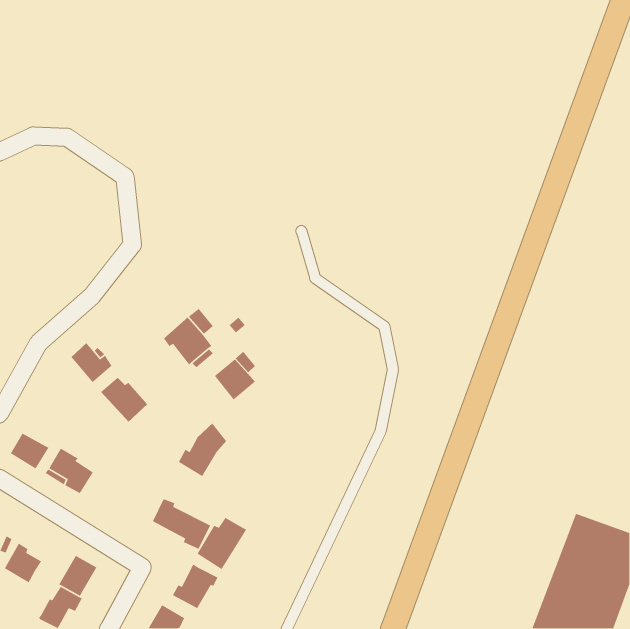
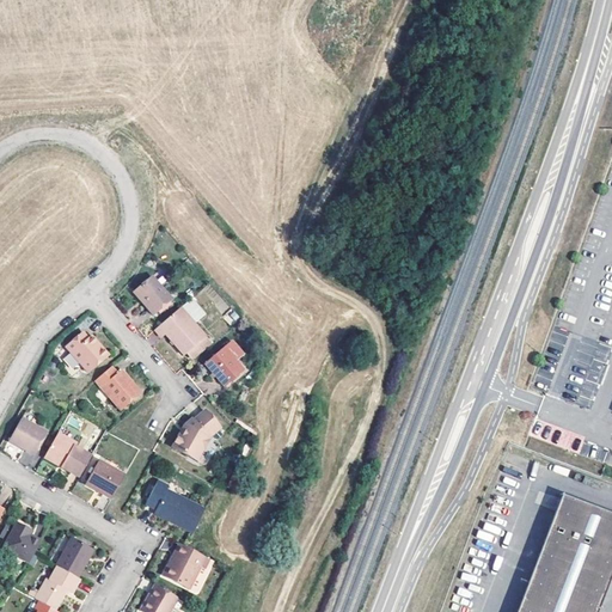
building: none -> [131,277,171,317]
building: none -> [86,461,126,498]
building: [196,517,247,570] -> none

